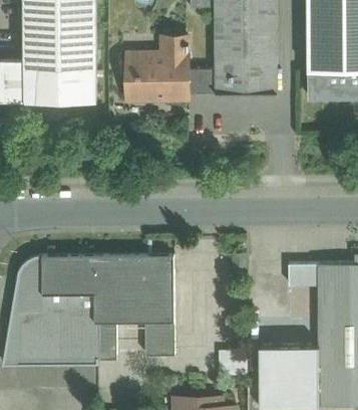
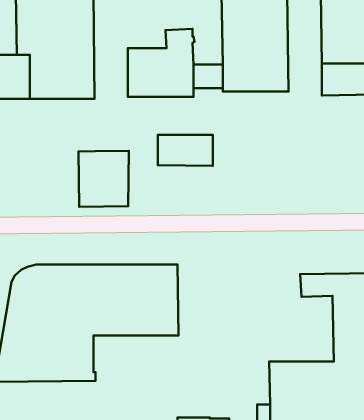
building: none -> [158,135,213,166]
building: none -> [79,151,129,207]
building: [95,322,116,356] -> none
building: [145,322,174,356] -> none

